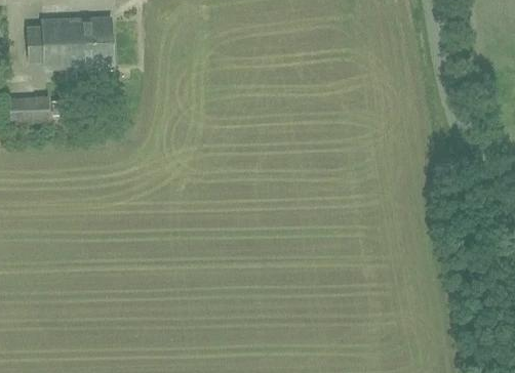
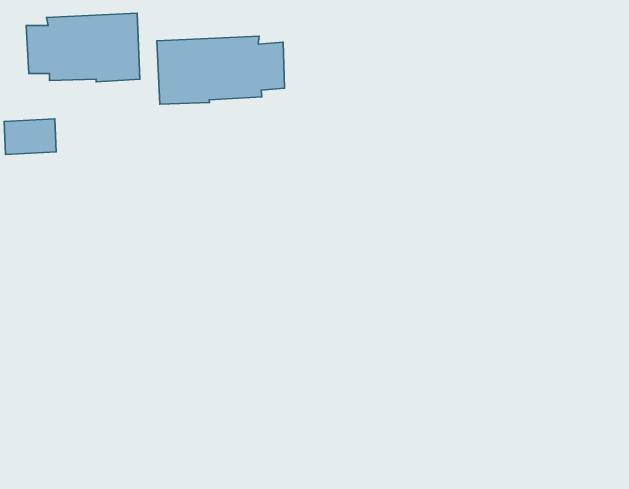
building: none -> [157,36,285,104]

